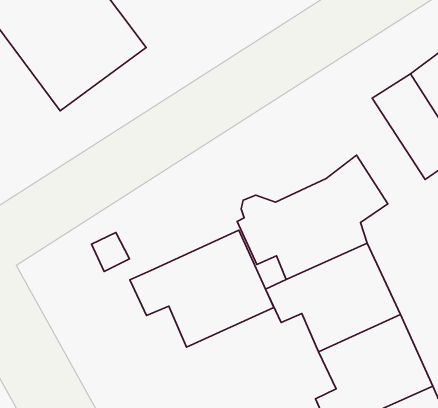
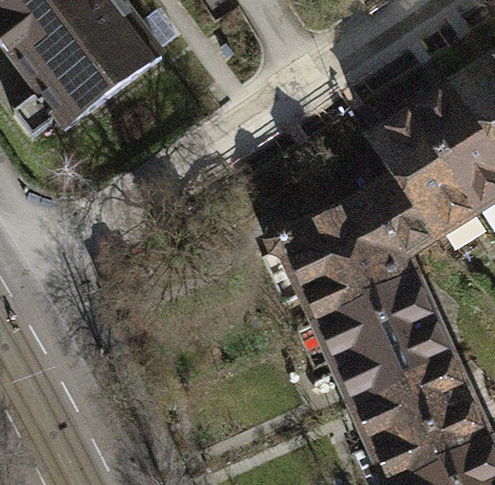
building: none -> [377,111,477,229]
building: [130,230,274,347] -> none

